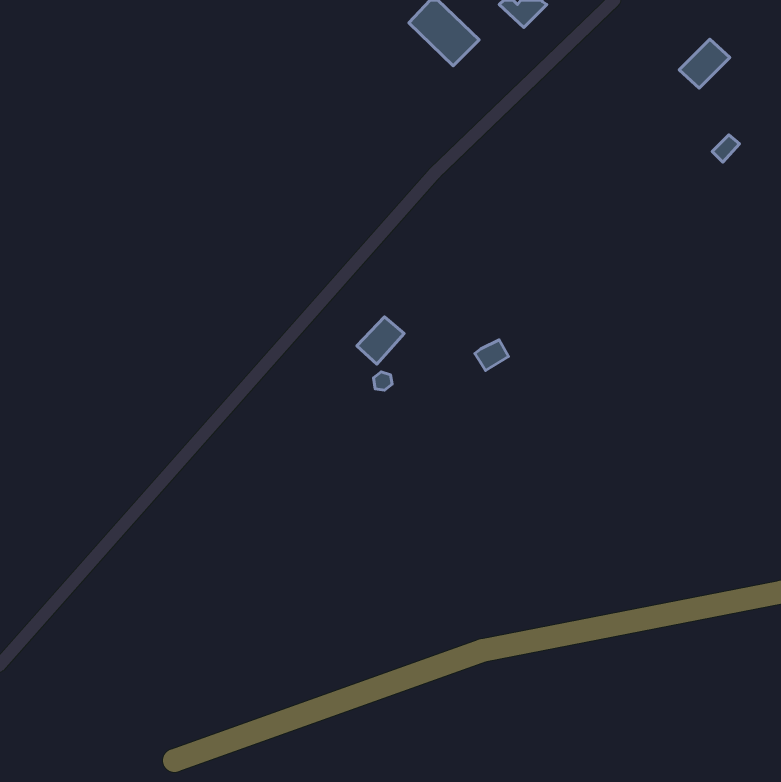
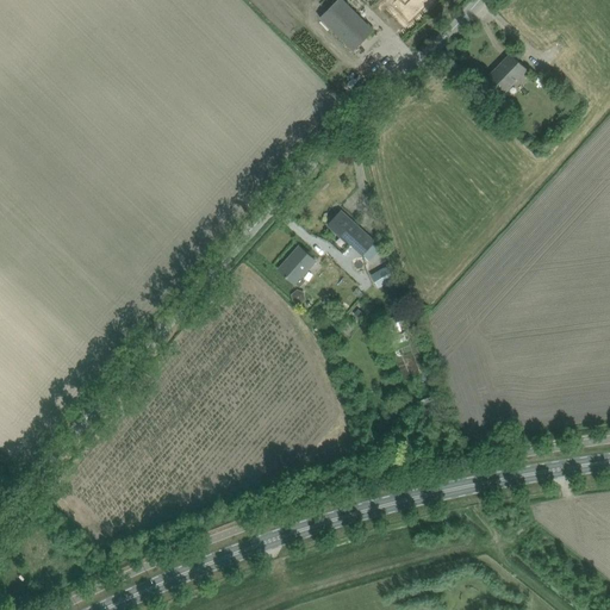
building: [679,39,730,88] -> [486,55,525,93]
building: none -> [326,211,374,254]

